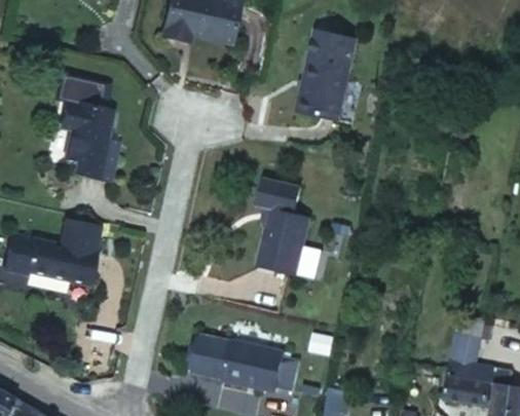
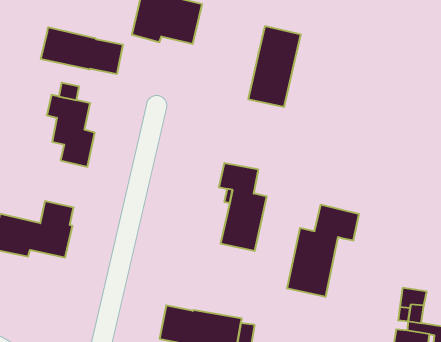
building: none -> [41,27,123,74]
building: none -> [287,205,359,297]

